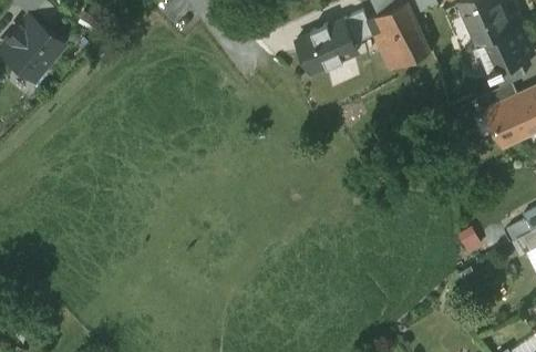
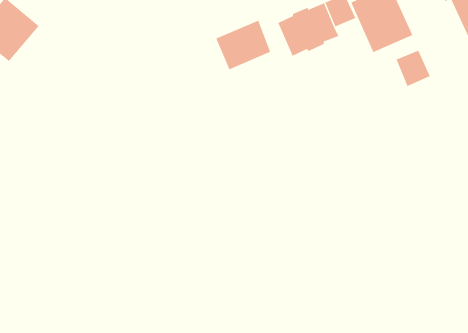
building: none -> [215,20,271,70]
building: none -> [396,50,431,87]

